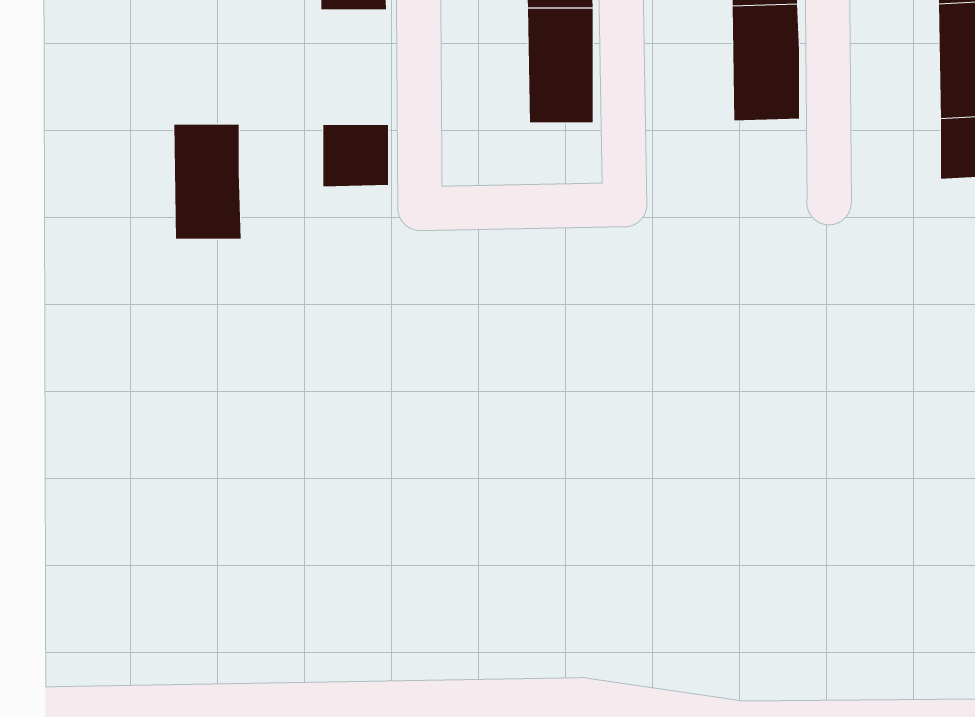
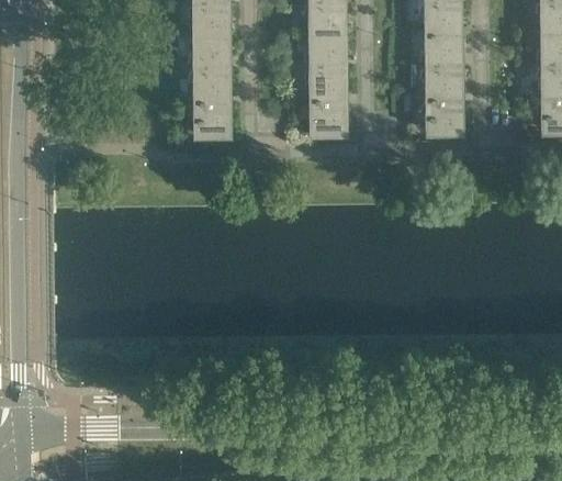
building: none -> [425,101,462,136]
building: none -> [310,103,346,137]
building: [173,124,242,239] -> [192,40,231,104]

